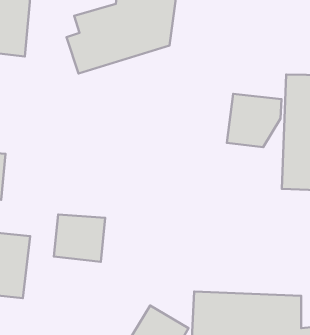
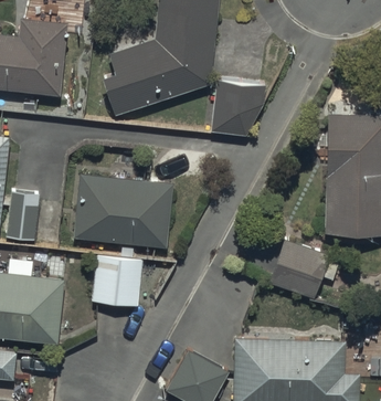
building: [227,94,281,147] -> [208,82,264,137]
building: none -> [73,175,174,247]
building: none -> [268,242,326,297]

